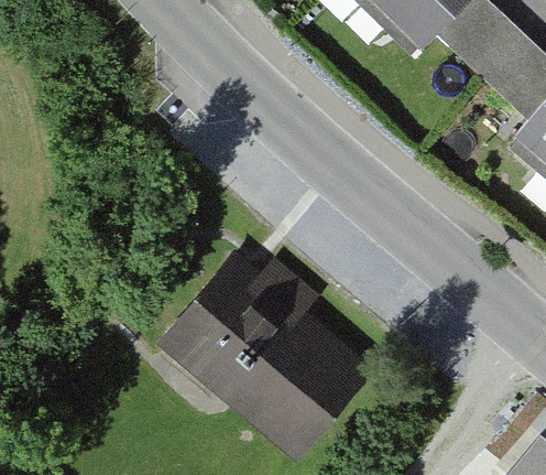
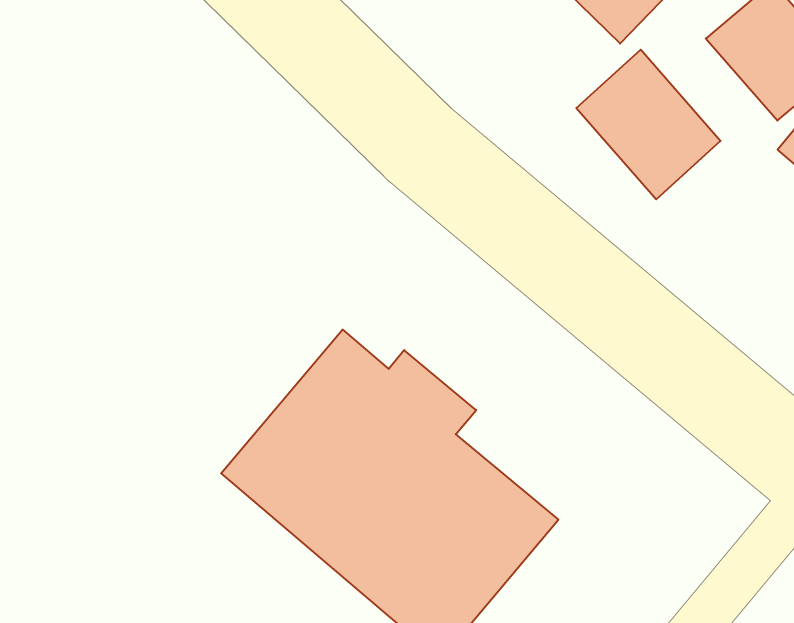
building: none -> [576,50,721,199]

